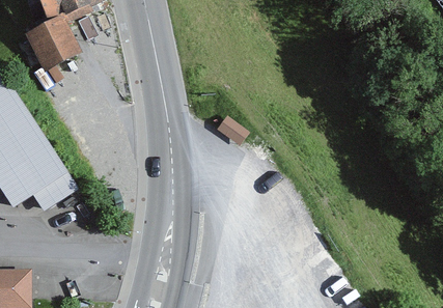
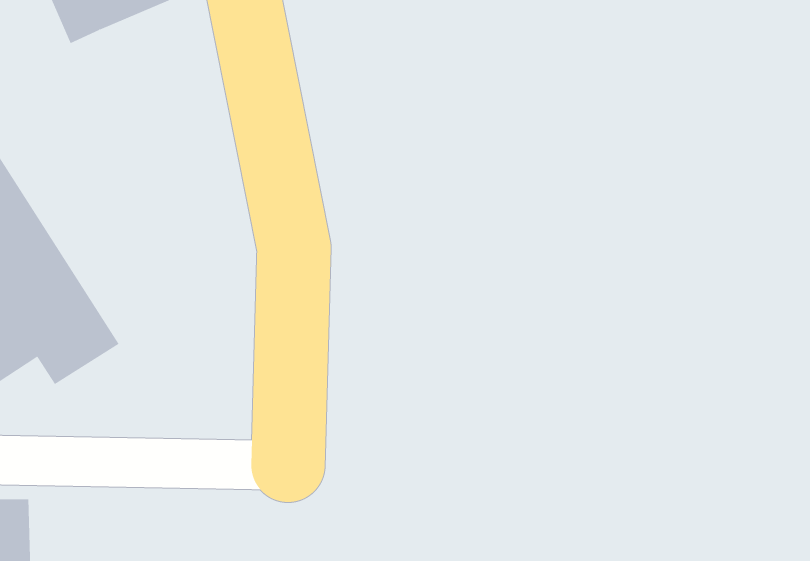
building: [28,22,81,69] -> none

